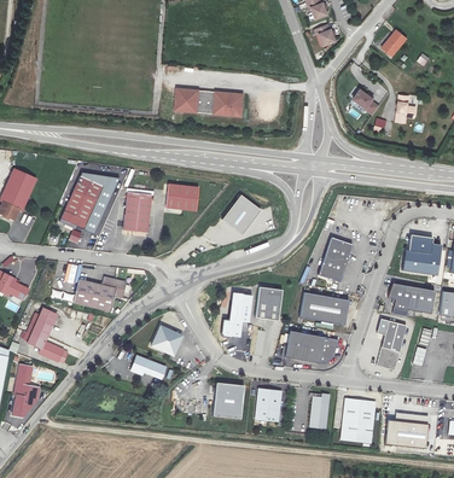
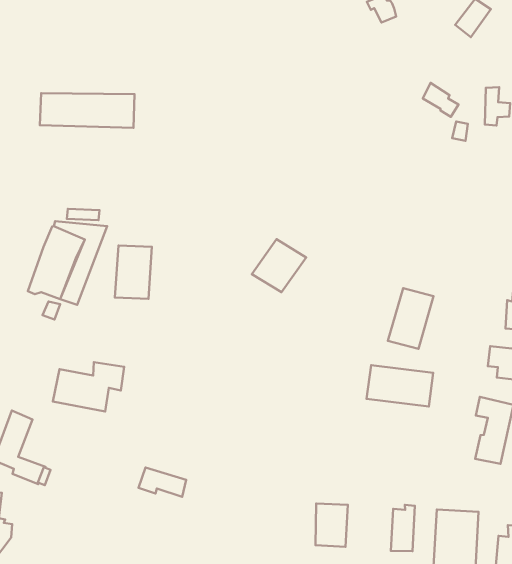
building: [171,89,241,118] -> [40,93,135,128]
building: [165,185,198,212] -> none
building: [256,286,284,320] -> none
building: [222,293,252,338] -> none
building: [151,323,182,354] -> none
building: [281,330,338,362] -> none
building: [214,381,244,418] -> none

